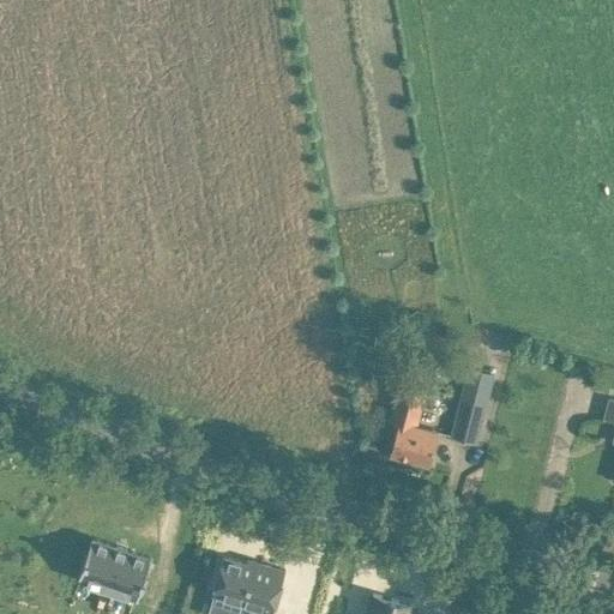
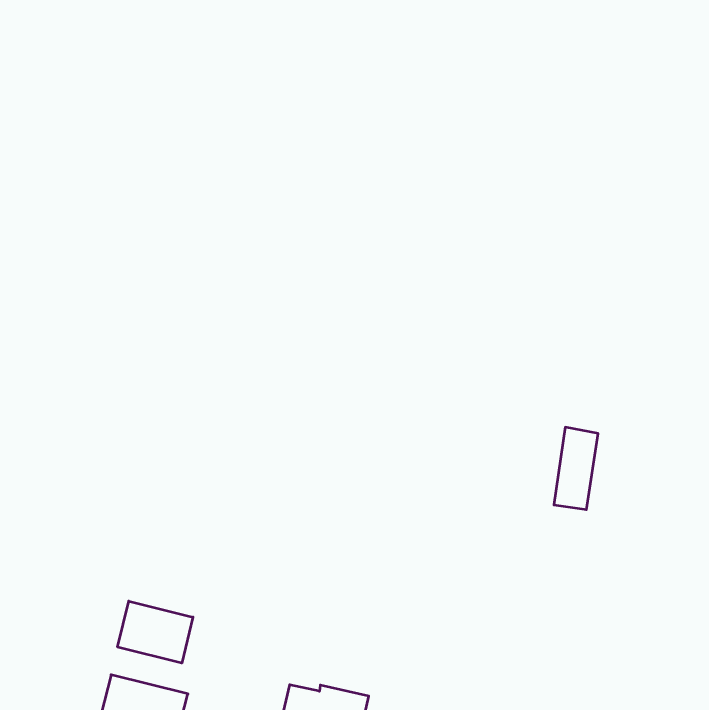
building: [389,391,435,468] -> none
building: none -> [118,601,193,663]

